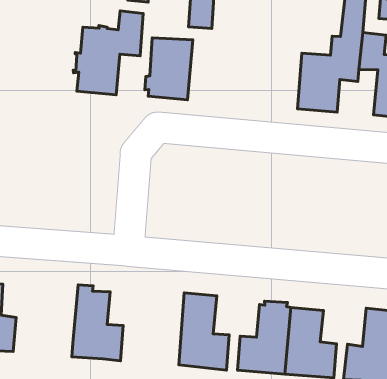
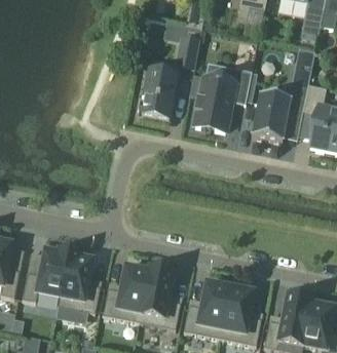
building: [73,11,143,95] -> [194,66,253,129]
building: none -> [23,247,70,300]
building: none -> [104,265,150,319]

